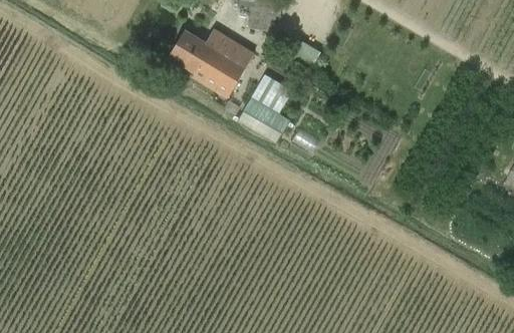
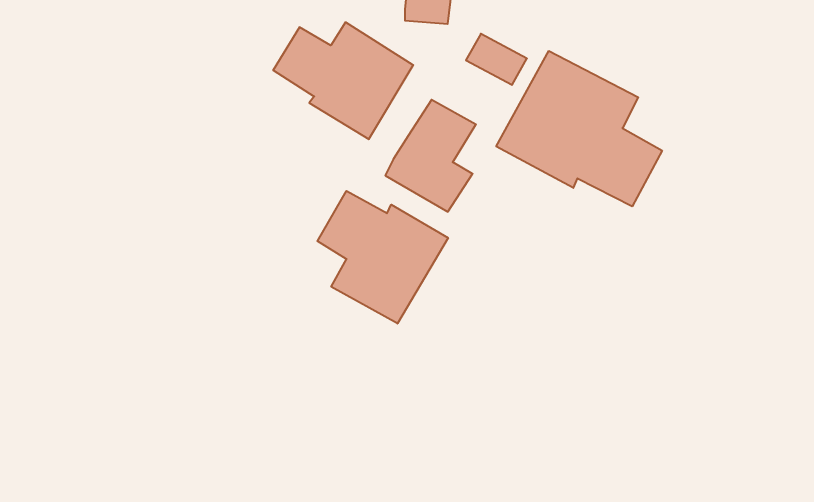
building: none -> [496,51,662,206]
building: none -> [317,191,448,324]

